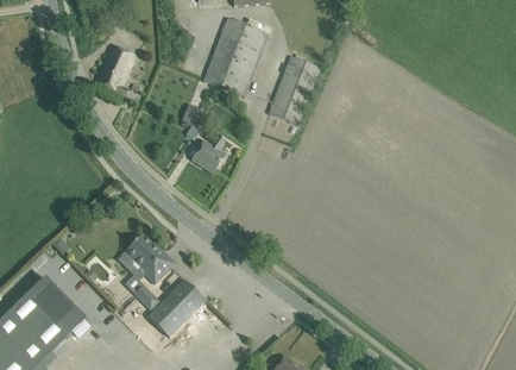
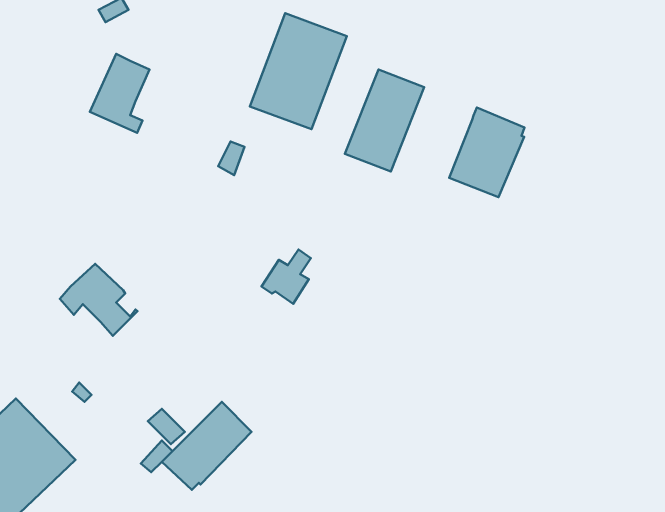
building: none -> [449,107,525,197]
building: [191,133,225,170] -> [261,249,311,304]
building: [118,234,170,283] -> [60,264,137,336]

